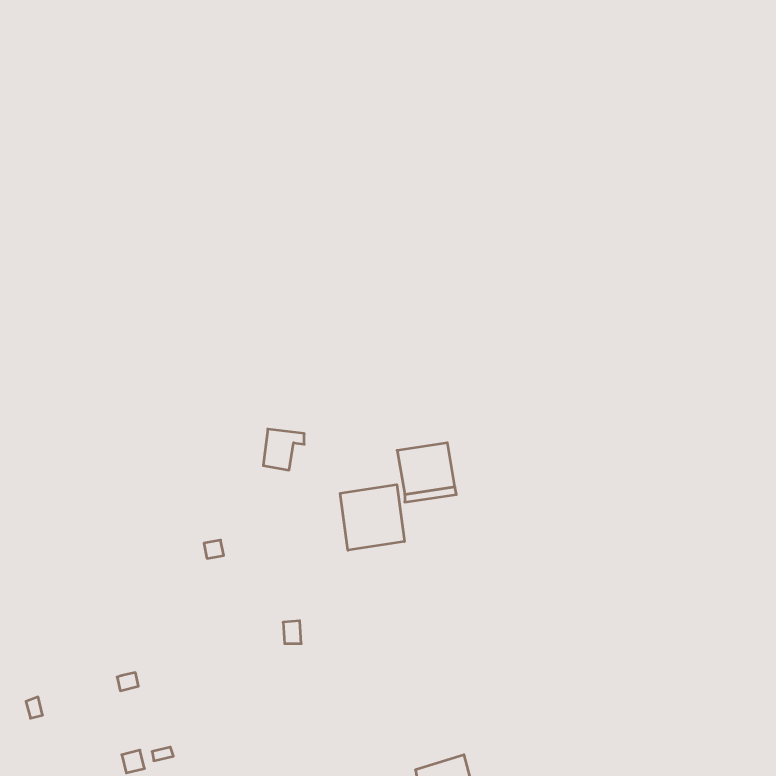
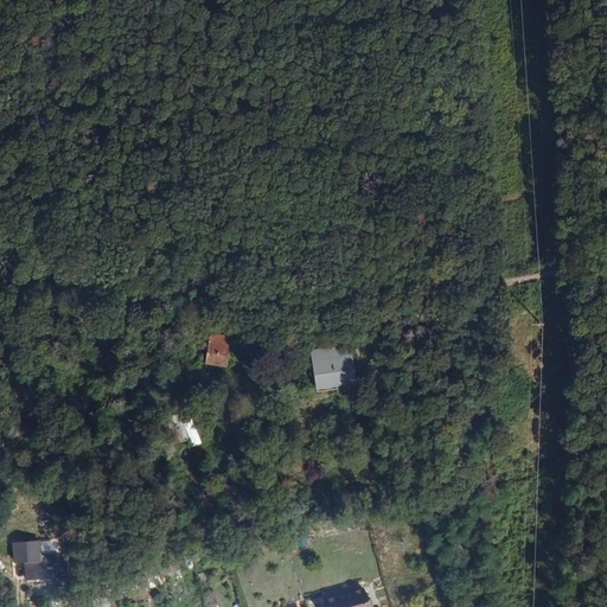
building: [340,485,404,550] -> none
building: none -> [24,556,66,580]

